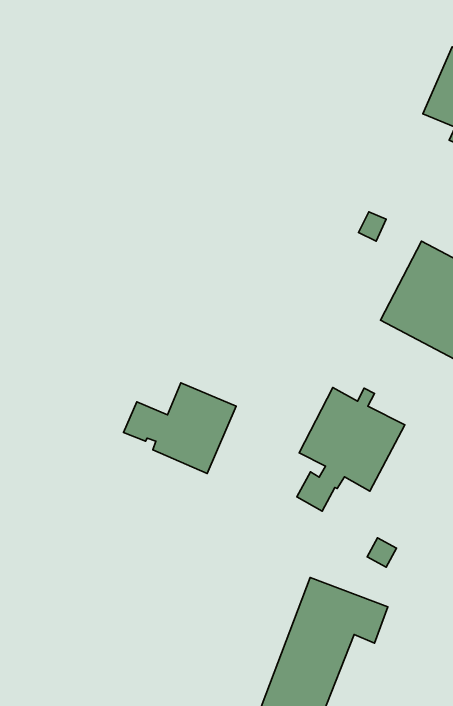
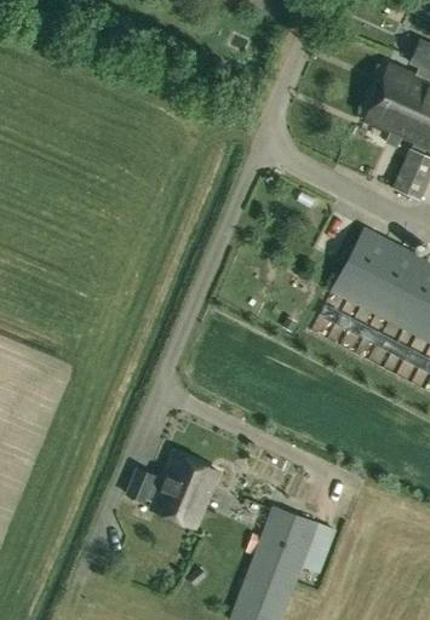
building: [124,383,236,473] -> [126,453,219,528]
building: [297,388,405,511] -> none

